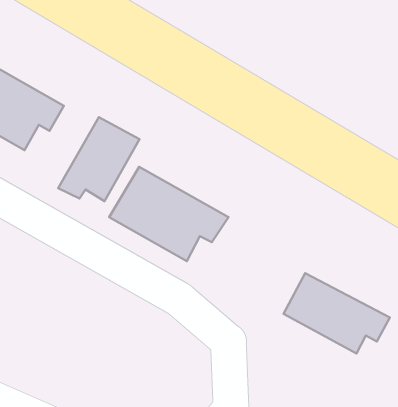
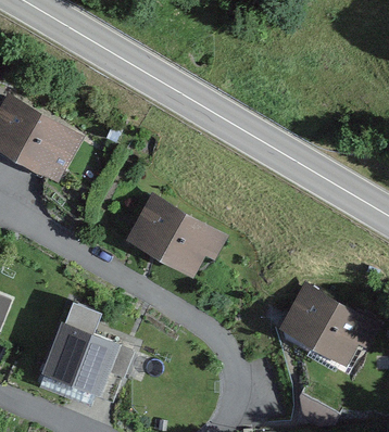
building: [58,117,139,201] -> none
building: none -> [43,318,135,398]

